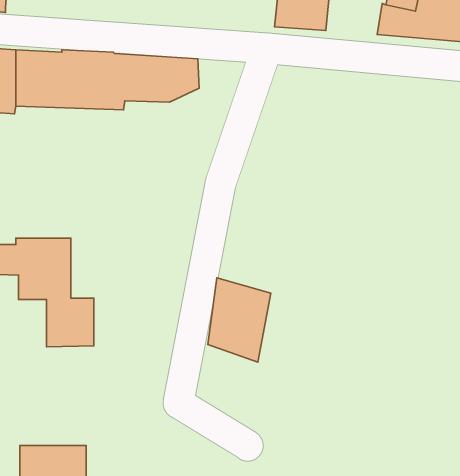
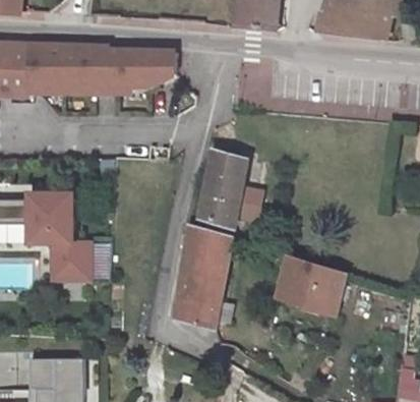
building: none -> [201,150,248,229]
building: none -> [278,257,346,315]
building: none -> [177,279,222,328]

